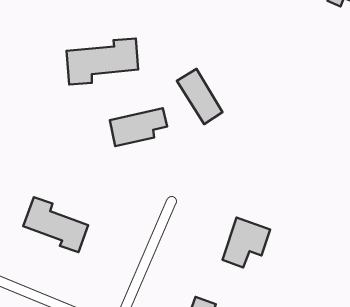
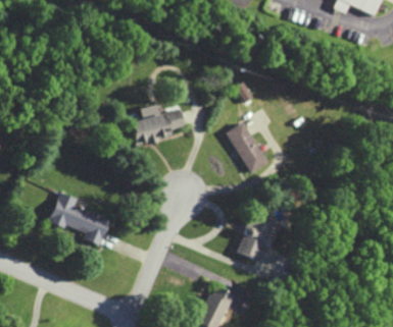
building: [67,38,138,85] -> none
building: [177,69,222,124] -> [226,121,268,173]

